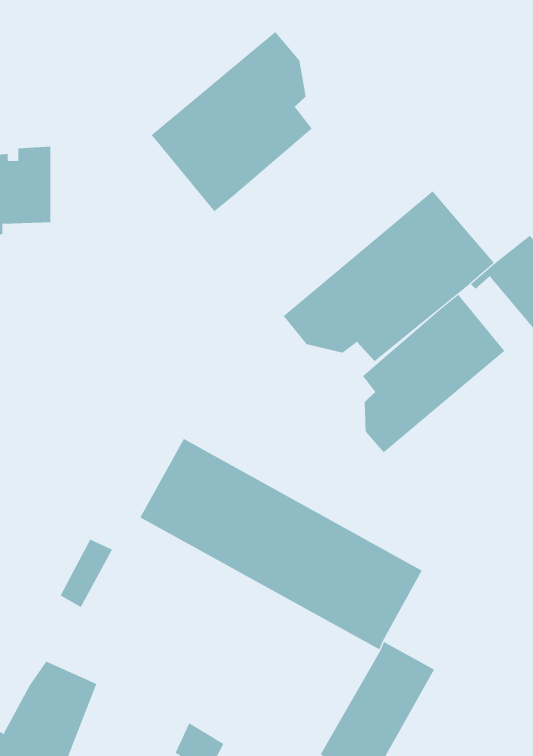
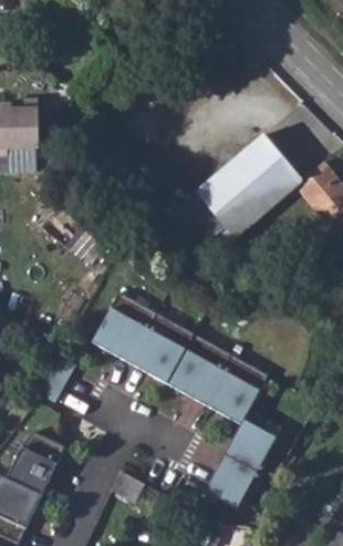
building: [151,31,312,212] -> none
building: [362,294,505,453] -> none

